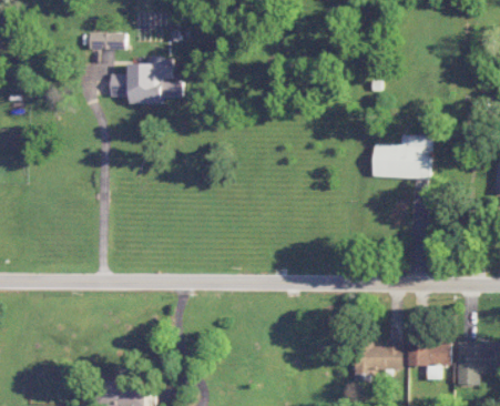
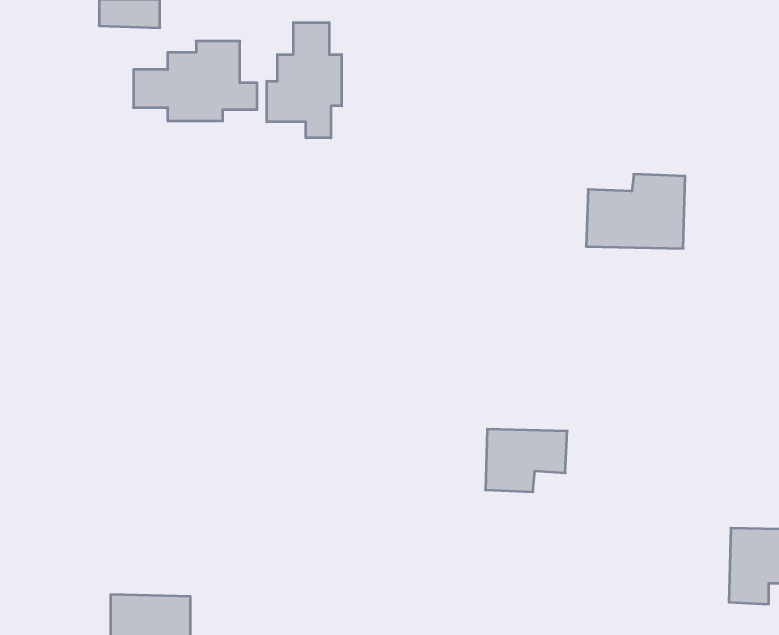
building: none -> [267,22,342,138]
building: [409,341,450,379] -> none
building: [356,345,404,382] -> [485,429,567,492]

